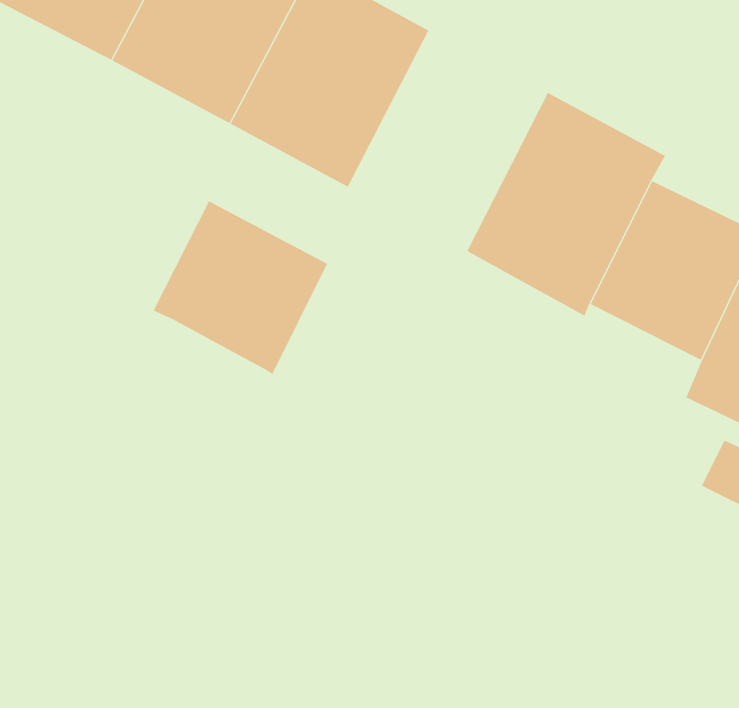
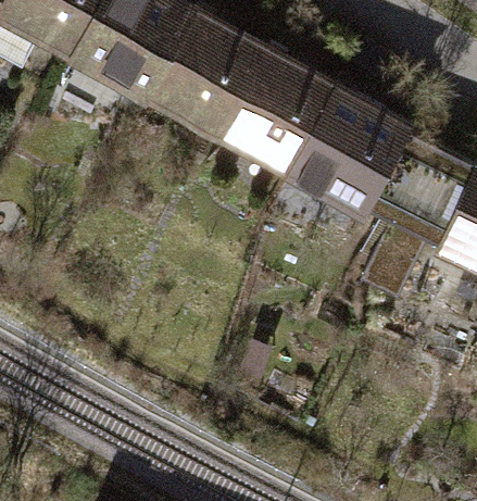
building: none -> [215,41,338,177]
building: [153,201,328,375] -> none

